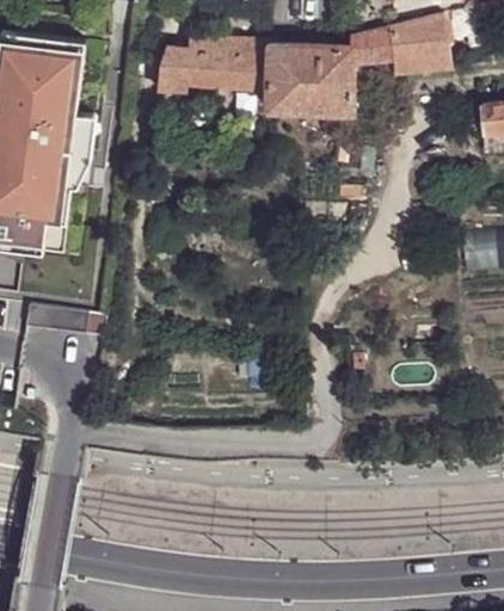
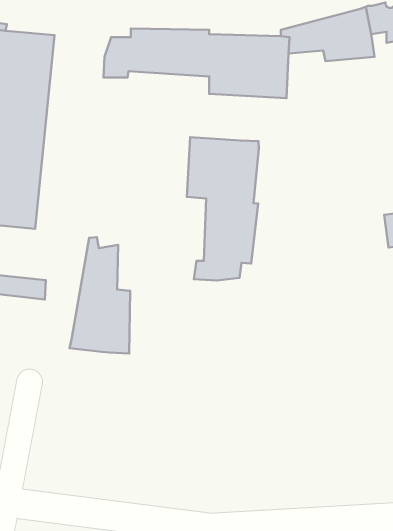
building: none -> [187,137,259,281]
building: none -> [69,237,130,353]

